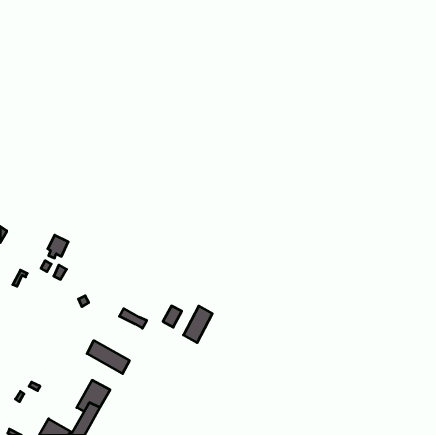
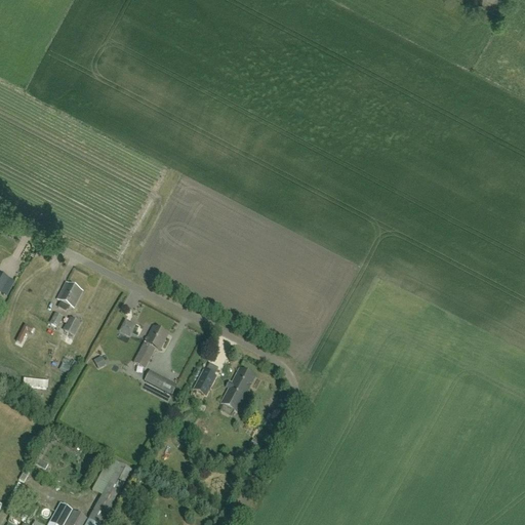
building: none -> [133,325,168,368]
building: [87,341,129,374] -> none

